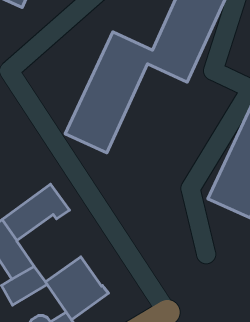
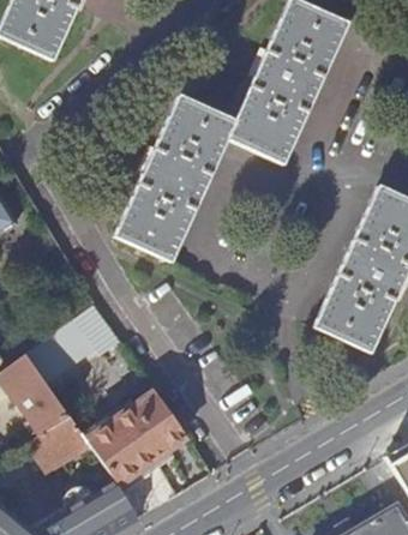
building: none -> [136,392,187,450]

